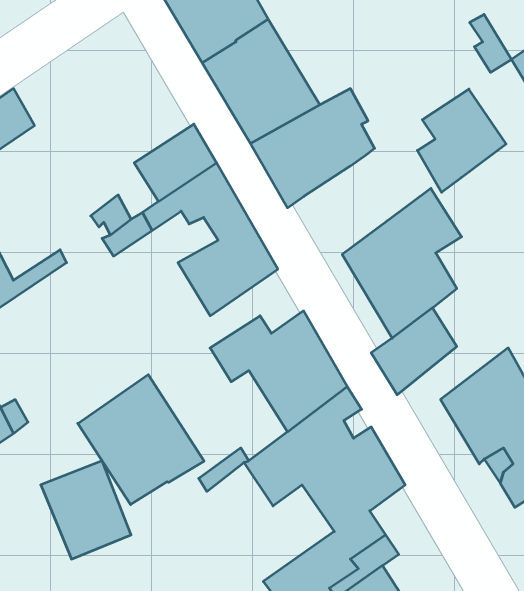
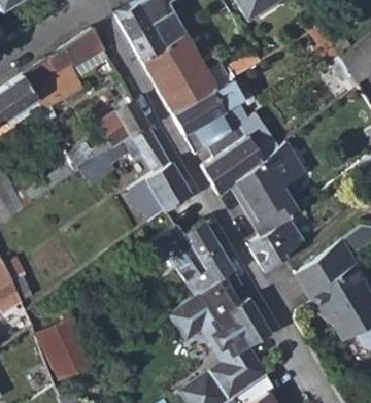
building: none -> [23,28,107,111]
building: [417,89,506,192] -> [205,126,262,192]
building: [78,375,204,505] -> none

